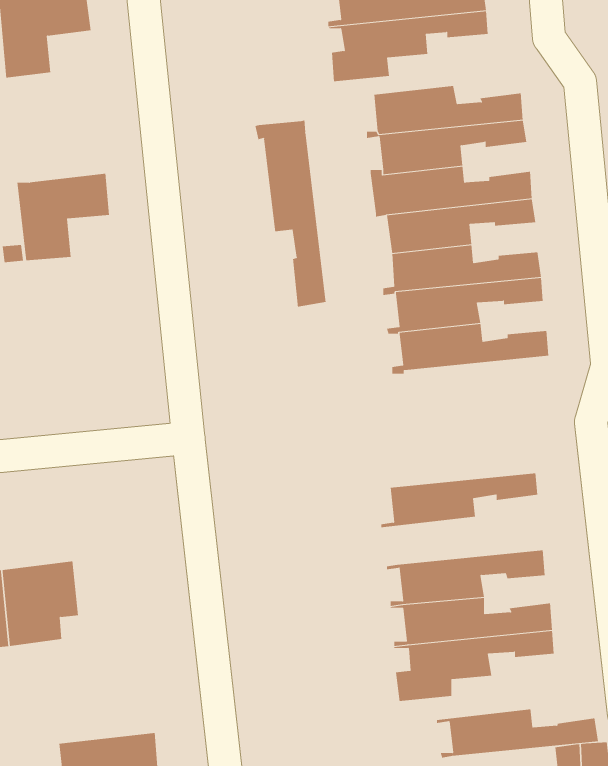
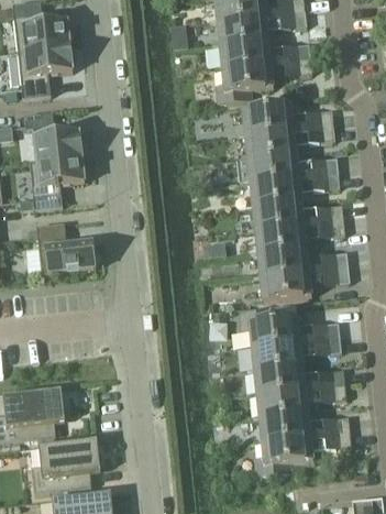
building: none -> [22,112,81,162]
building: [255,120,326,307] -> none
building: none -> [34,223,95,274]
building: none -> [261,266,350,298]
building: none -> [240,309,340,346]
building: none -> [31,440,100,494]
building: [436,709,599,758] -> [246,363,344,393]

